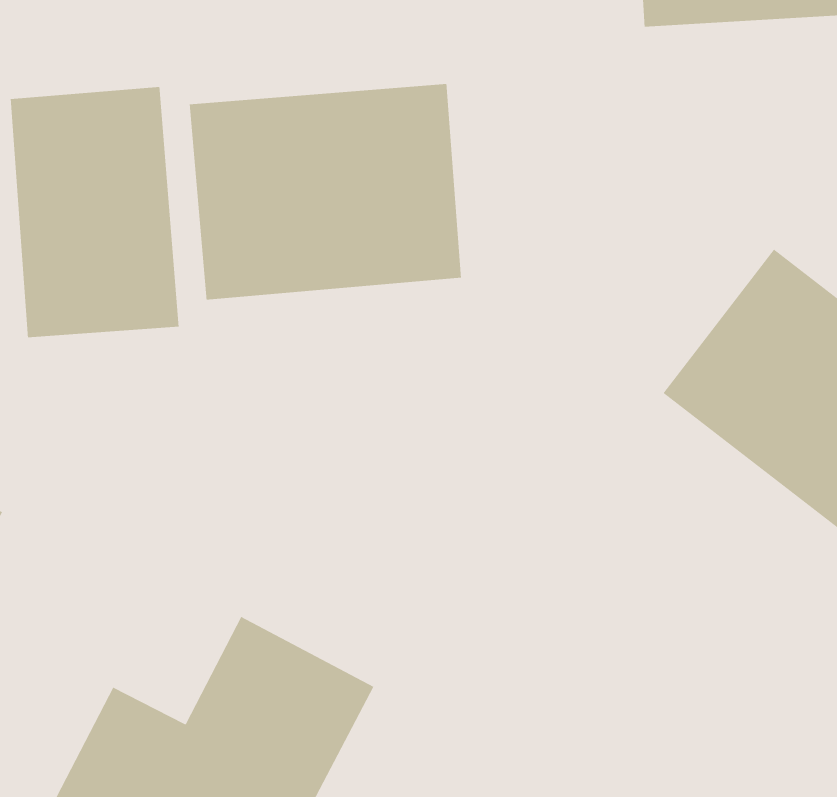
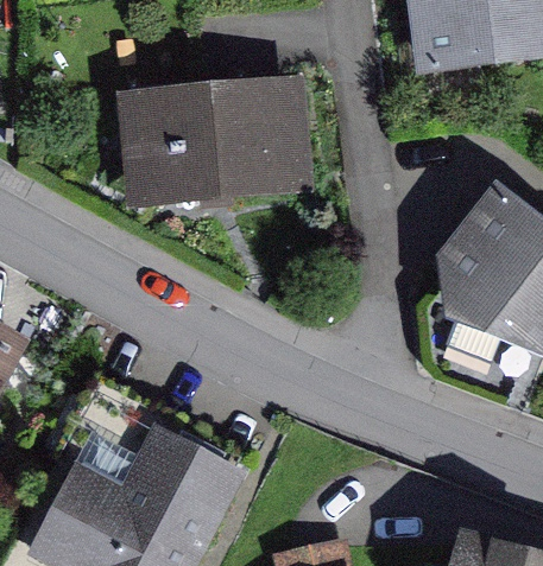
building: [10,86,179,338] -> none

